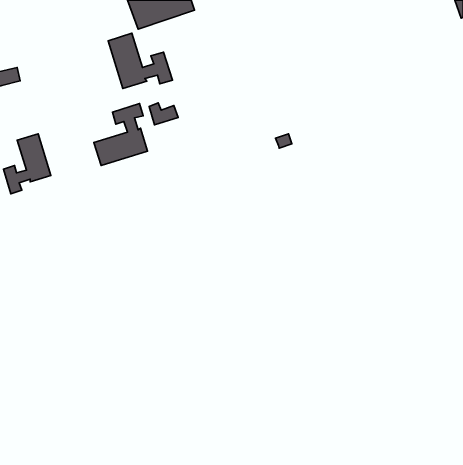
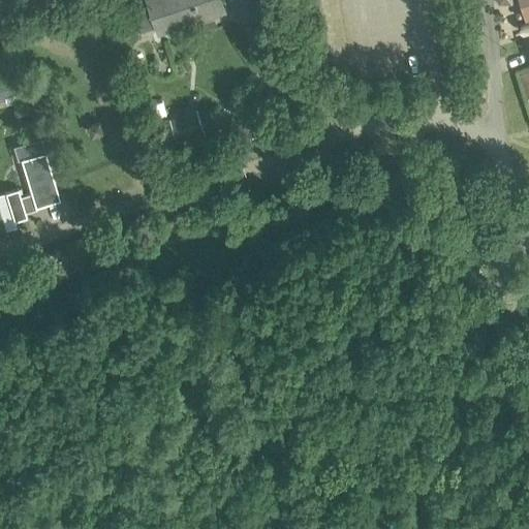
building: [108,33,172,89] -> none
building: [94,104,148,166] -> none

